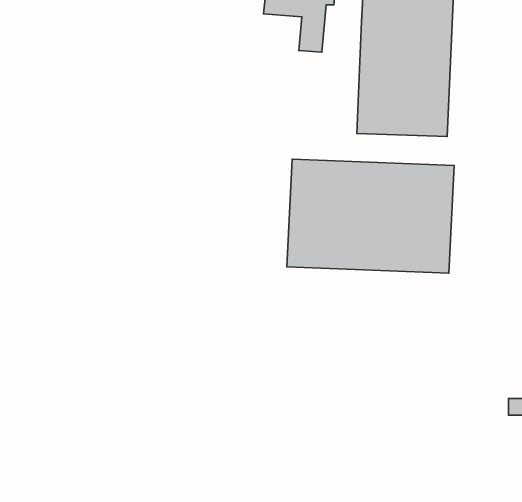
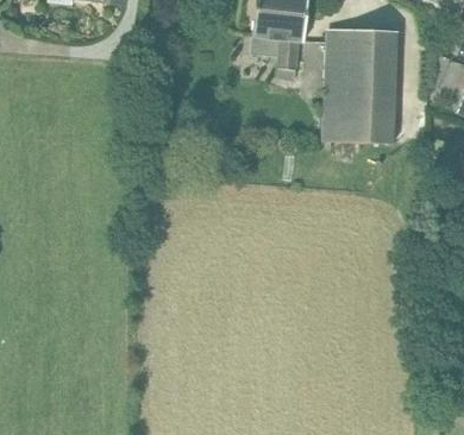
building: [287,159,454,273] -> none

